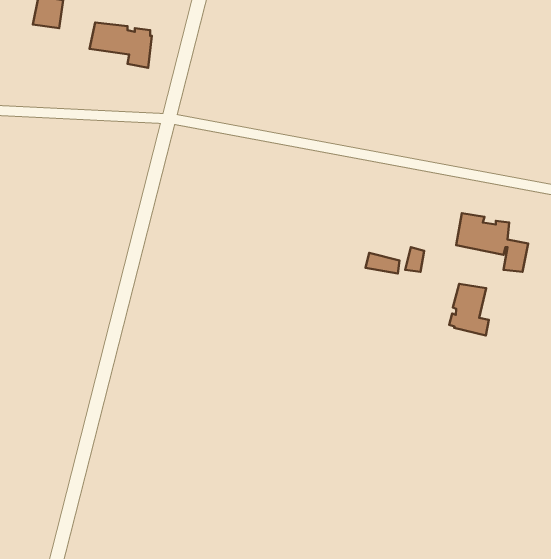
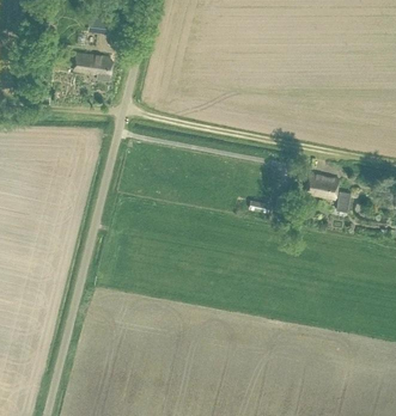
building: [449,284,489,336] -> none

